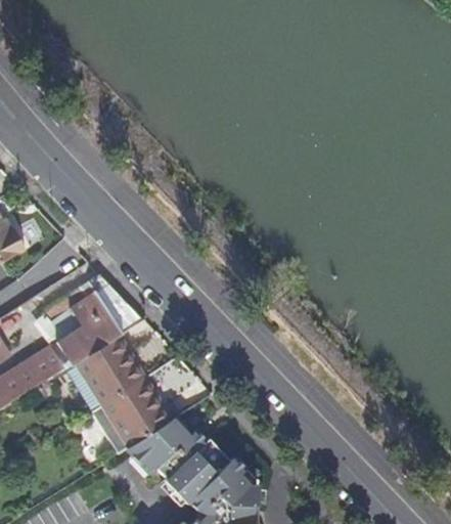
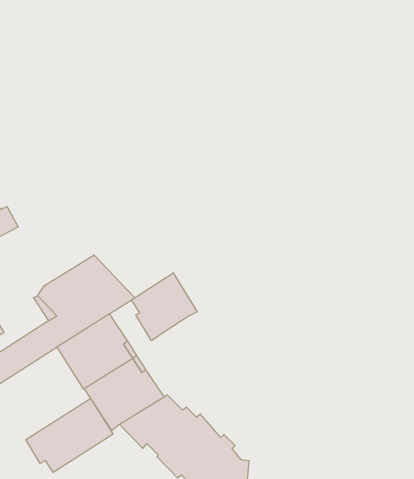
building: none -> [132,273,197,341]
building: none -> [26,399,113,473]

